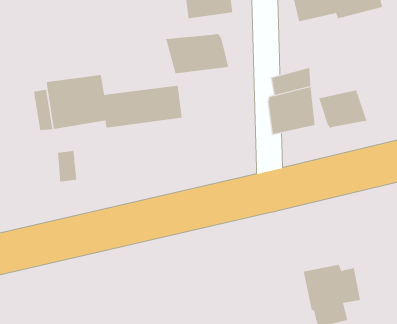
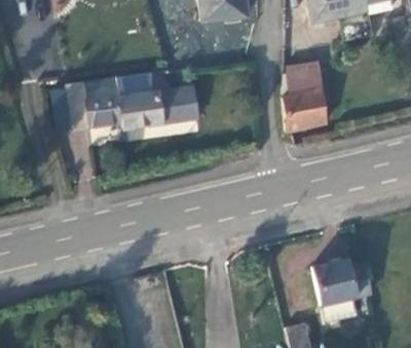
building: [165,33,229,74] -> none
building: [319,89,367,128] -> none

